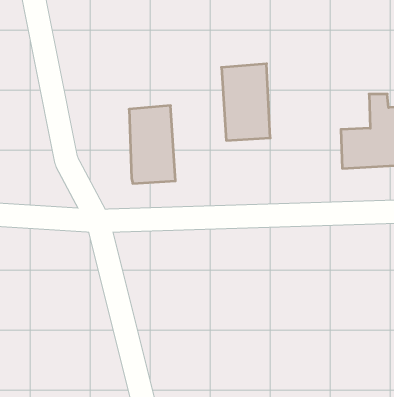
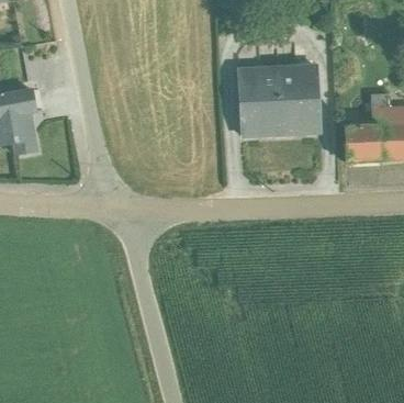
building: [129,106,175,183] -> [279,63,321,133]

